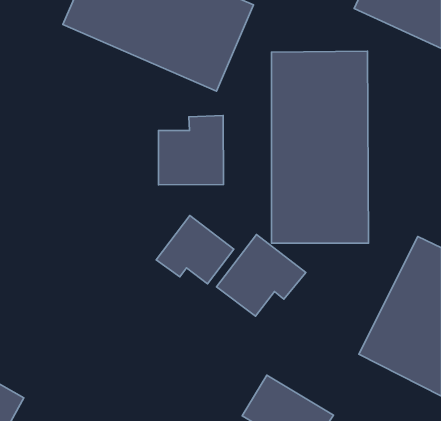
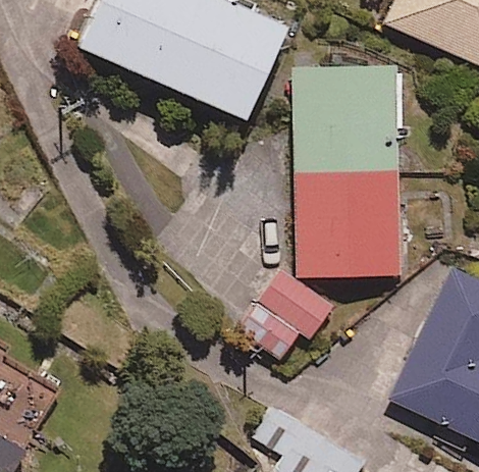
building: [159,115,224,185] -> none
building: [156,216,234,284] -> none

